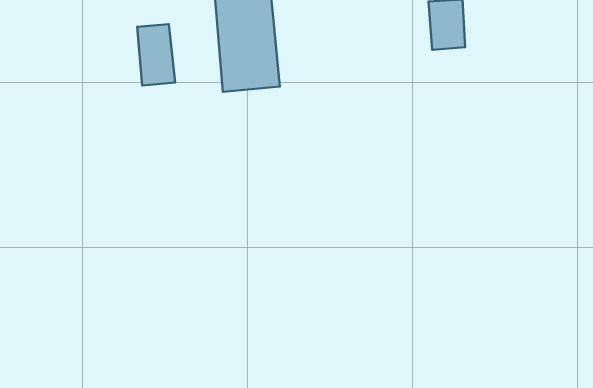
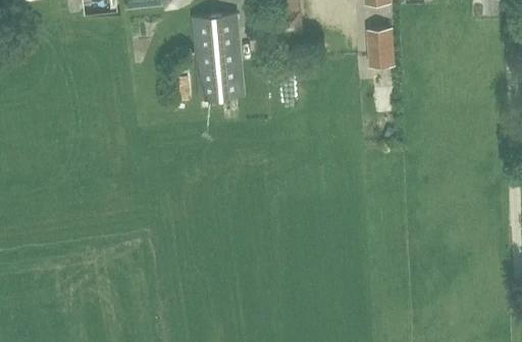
building: [137,24,175,85] -> none

